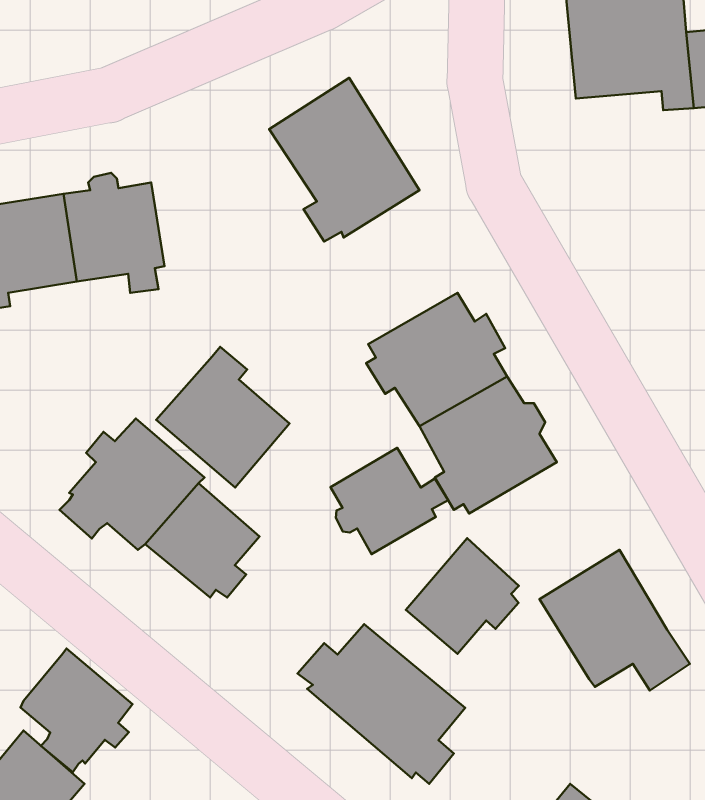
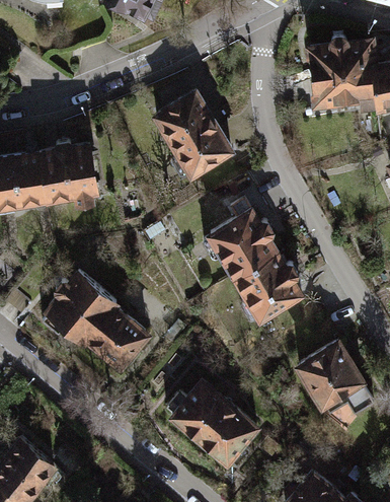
building: [156,347,289,488] -> none
building: [330,448,448,554] -> none
building: [406,538,519,654] -> none
building: [21,648,133,772] -> none

